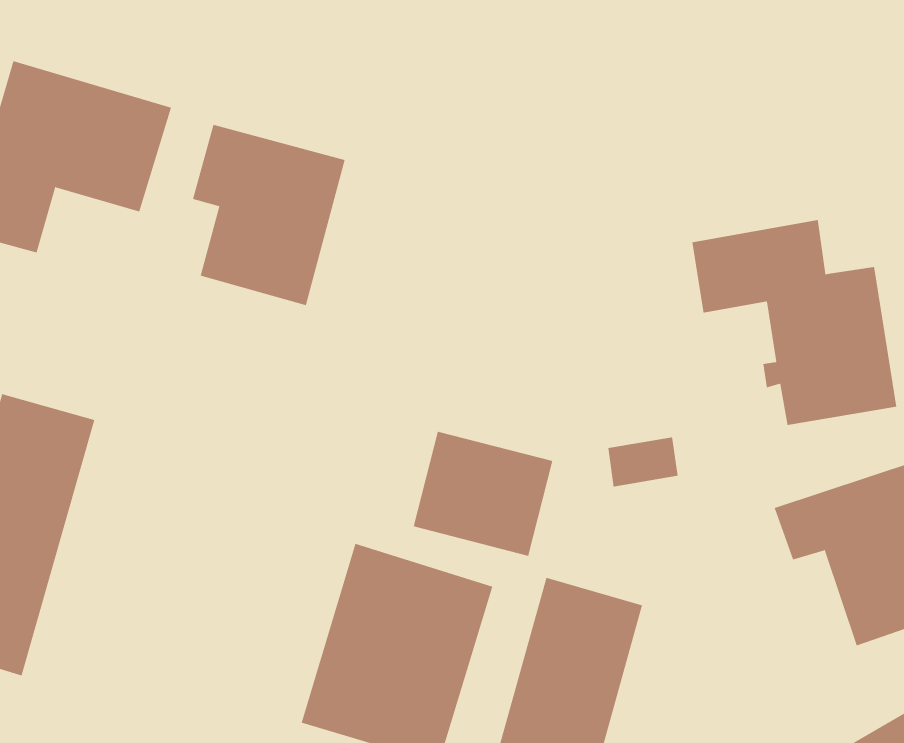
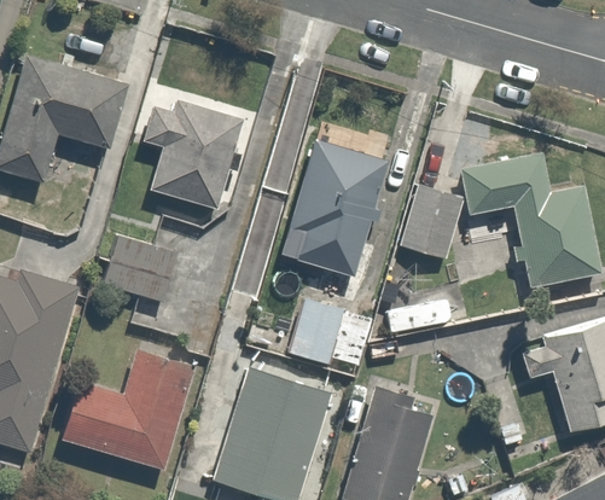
building: none -> [287,135,388,277]
building: none -> [405,185,459,258]
building: none -> [104,237,181,304]
building: none -> [56,347,193,471]

